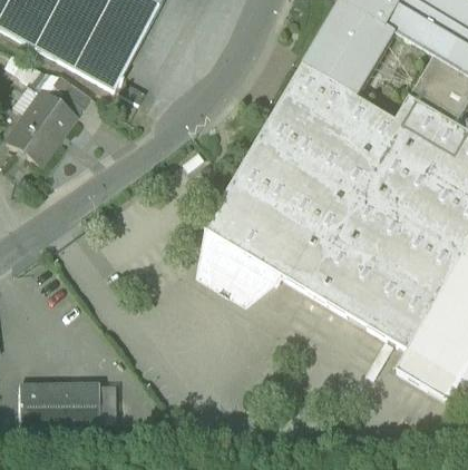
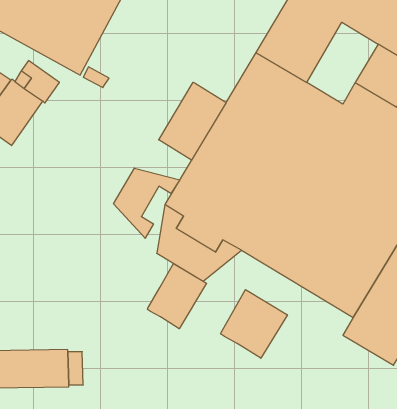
building: none -> [159,82,226,160]
building: none -> [114,168,180,238]
building: none -> [147,264,207,329]
building: none -> [221,290,287,358]

